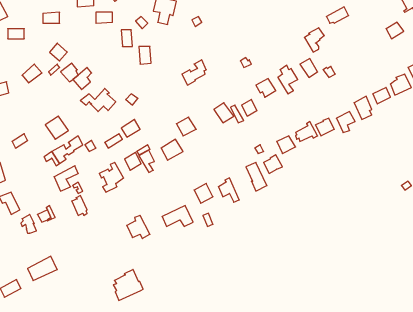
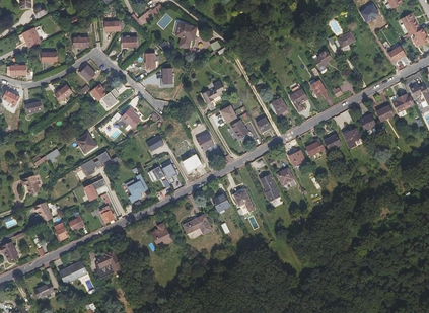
building: [113,269,143,300] -> [94,249,122,278]

